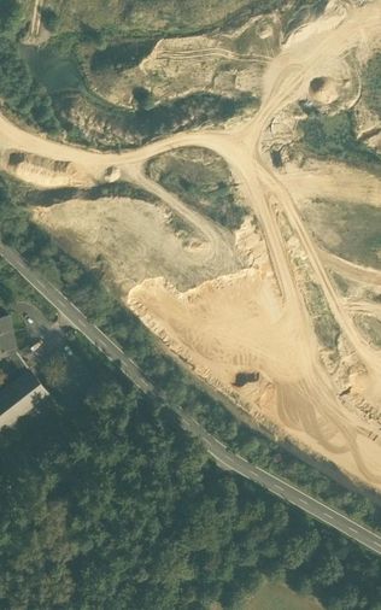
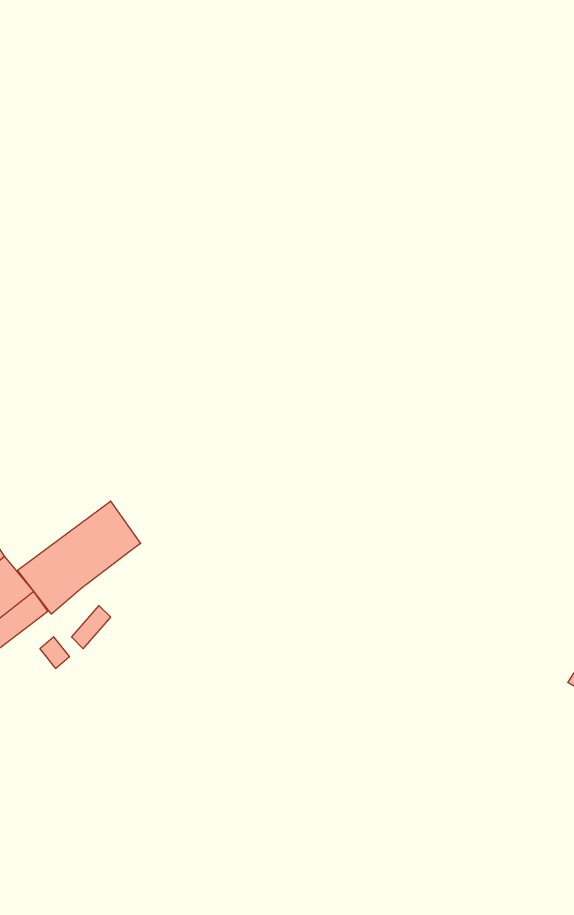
building: none -> [17,501,141,614]

